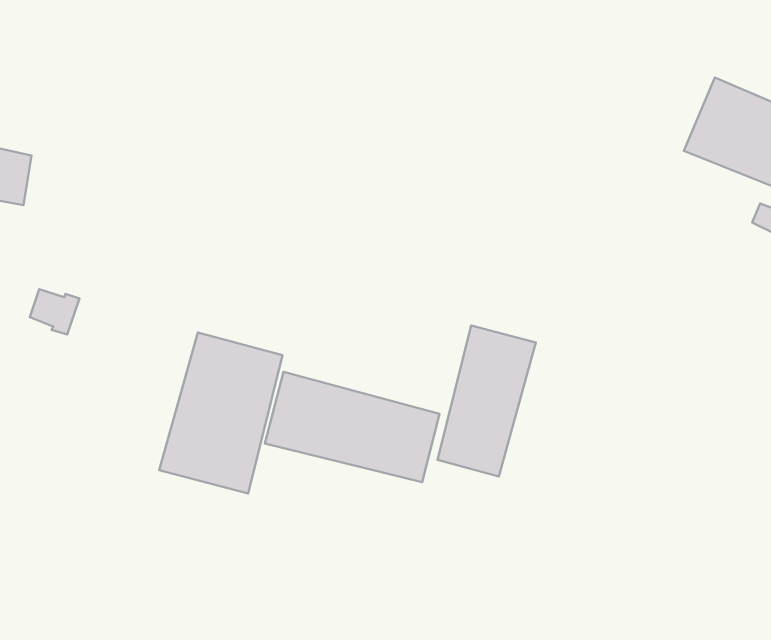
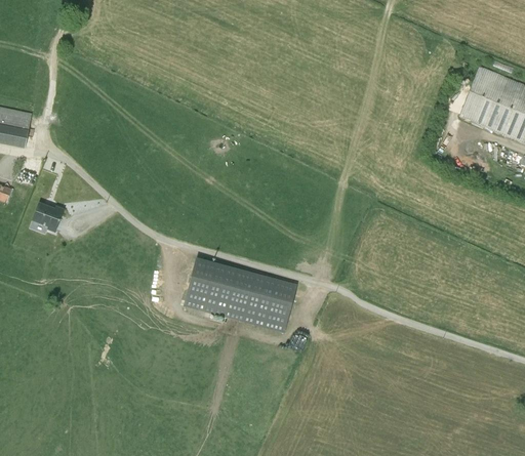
building: [437,326,536,476] -> none
building: [159,332,283,493] -> none

